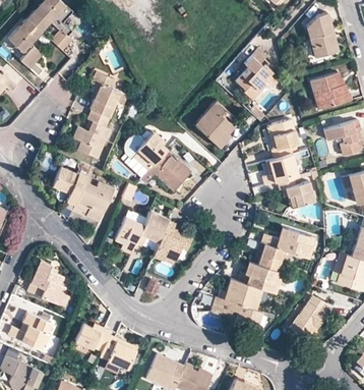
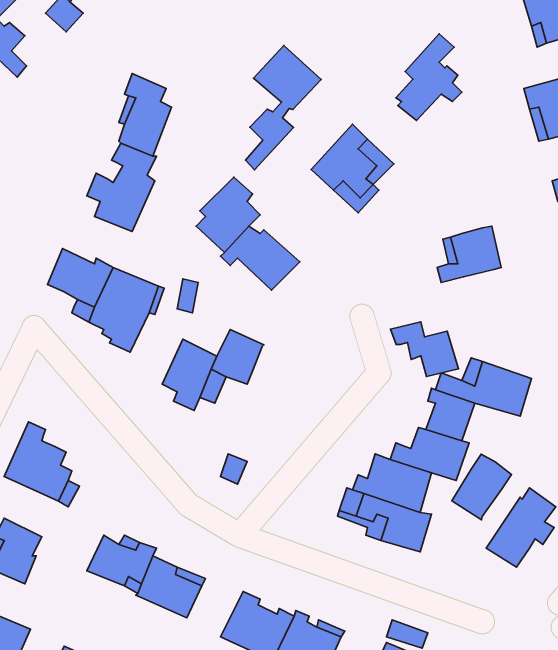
building: none -> [245,46,321,170]
building: [274,120,296,158] -> none
building: [277,177,313,207] -> [391,322,458,376]
building: [153,219,192,259] -> none
building: none -> [452,454,511,520]

